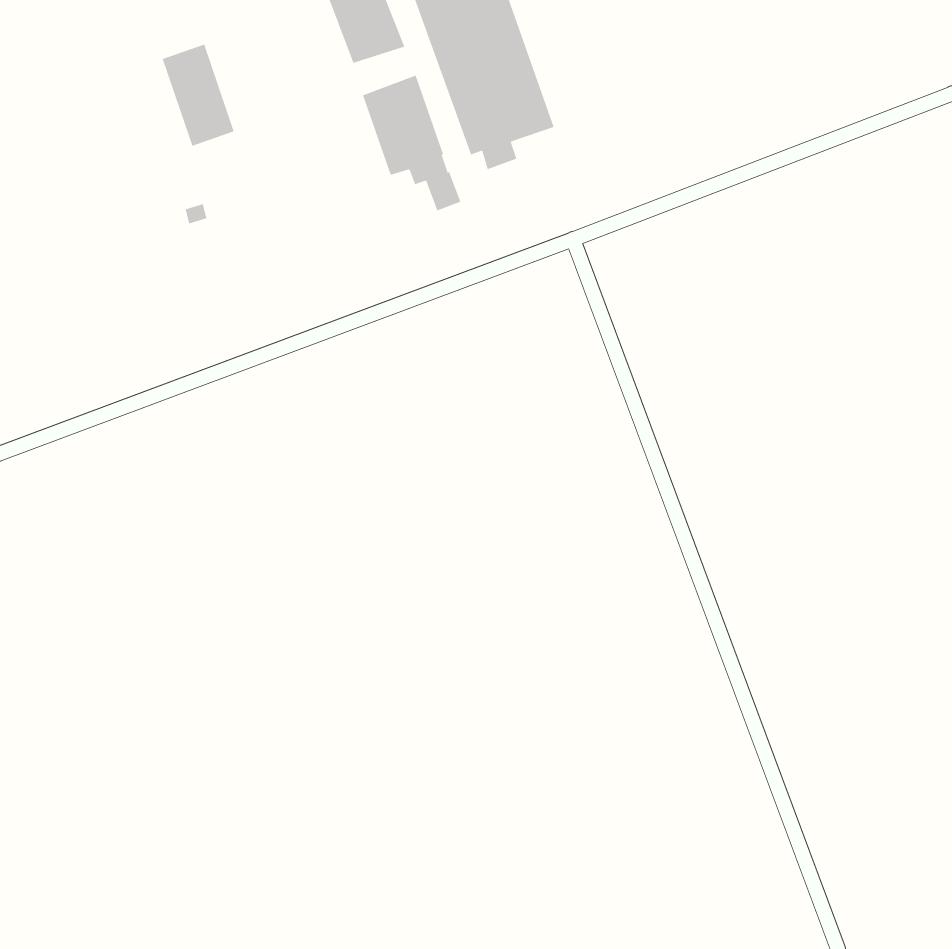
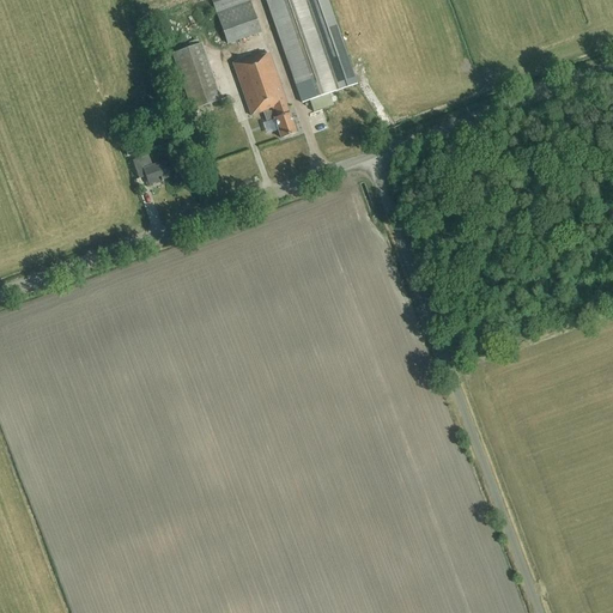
building: [162,44,235,146] -> [171,41,218,107]
building: none -> [131,152,169,181]

